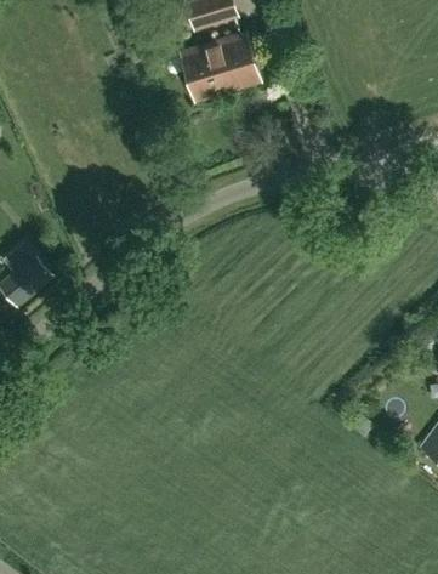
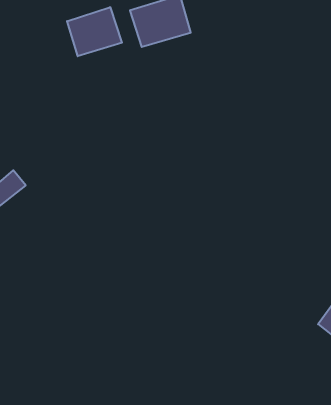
building: none -> [67,7,122,56]

